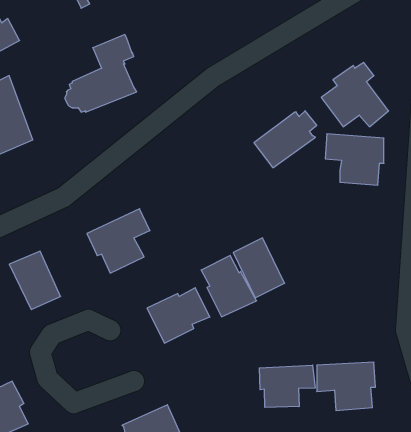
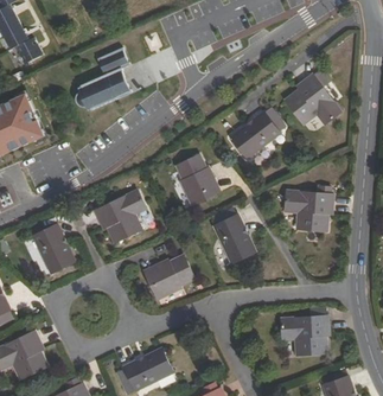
building: [325,134,384,185] -> [285,191,332,232]
building: [201,255,257,317] -> [175,155,221,205]
building: [259,365,315,407] -> none

